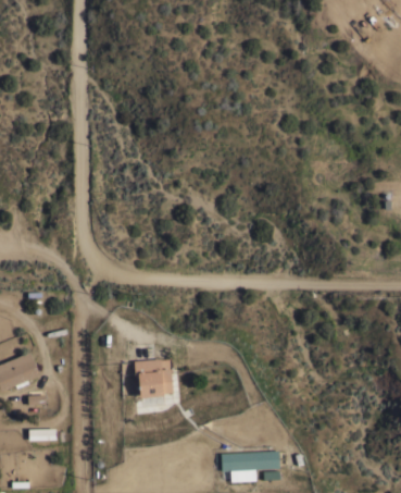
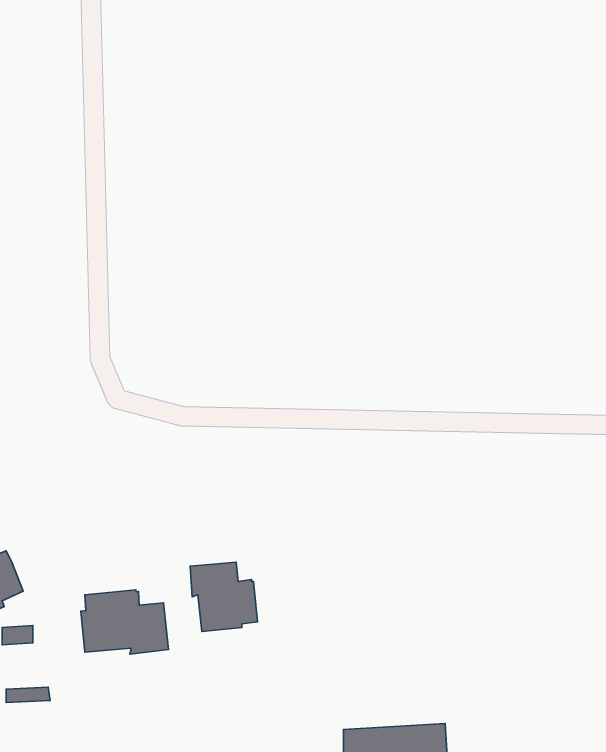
building: none -> [81,590,169,654]

